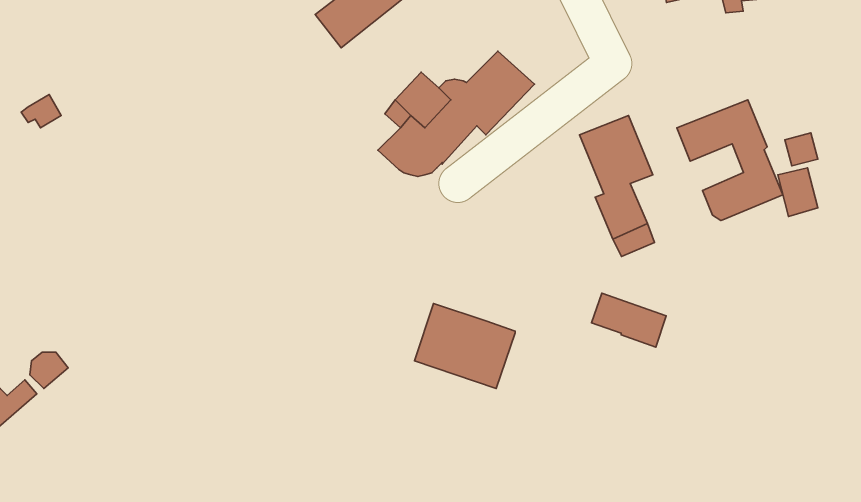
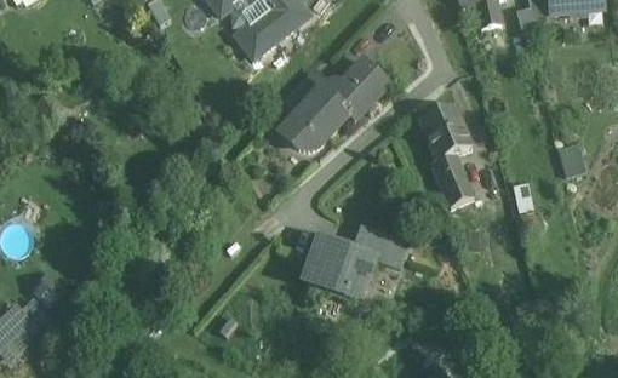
building: [677,100,783,220] -> none
building: [591,293,666,347] -> [354,228,406,265]

